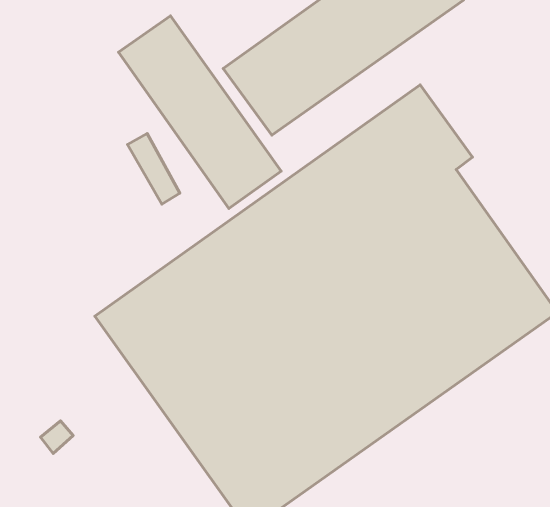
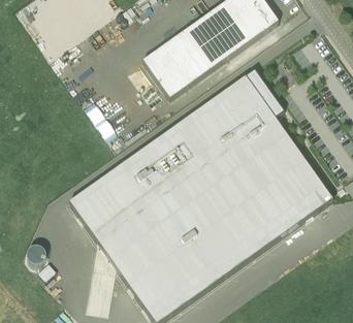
building: [118,16,281,209] -> none

